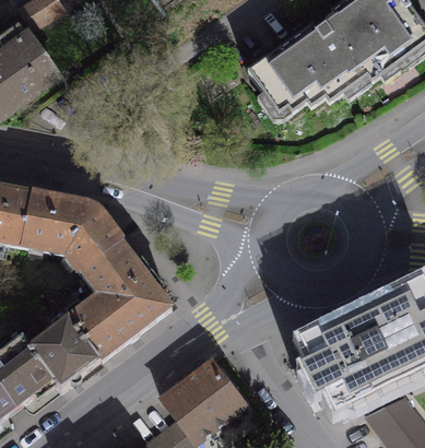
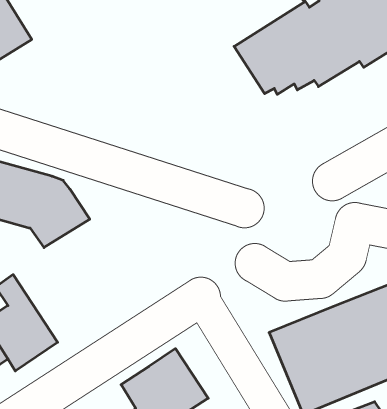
building: [67,241,170,359] -> none

